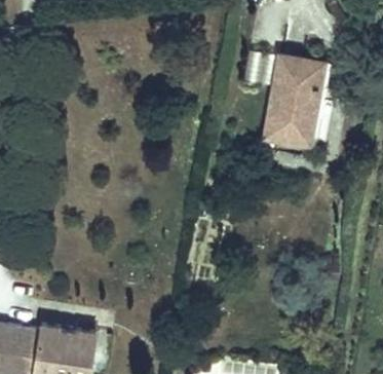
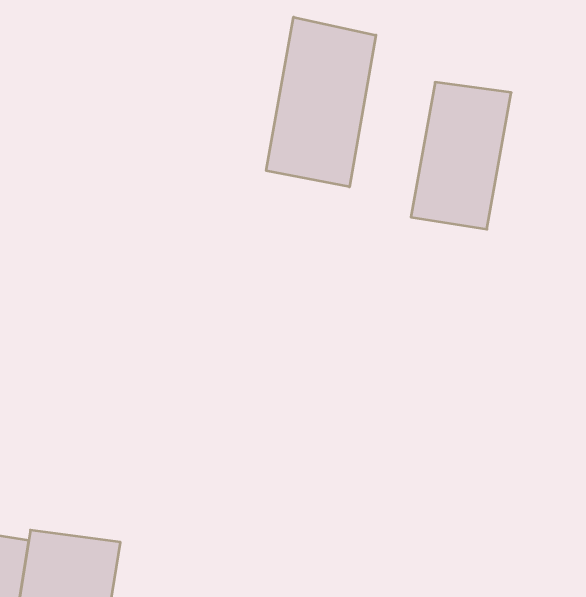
building: none -> [266,17,376,187]

